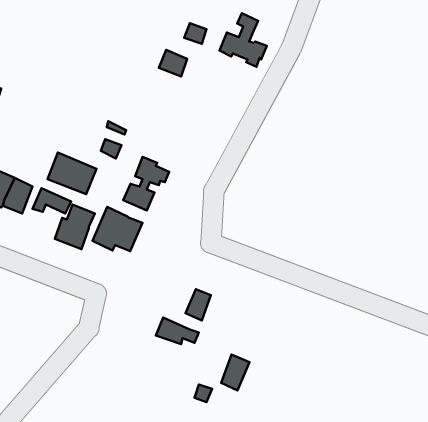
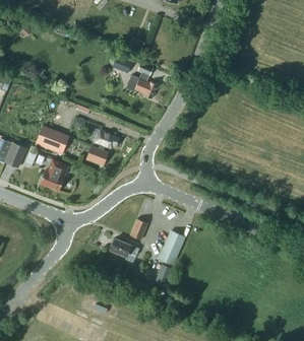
building: [219,13,267,67] -> [126,62,159,98]
building: [92,207,142,251] -> none
building: none -> [159,230,185,265]

